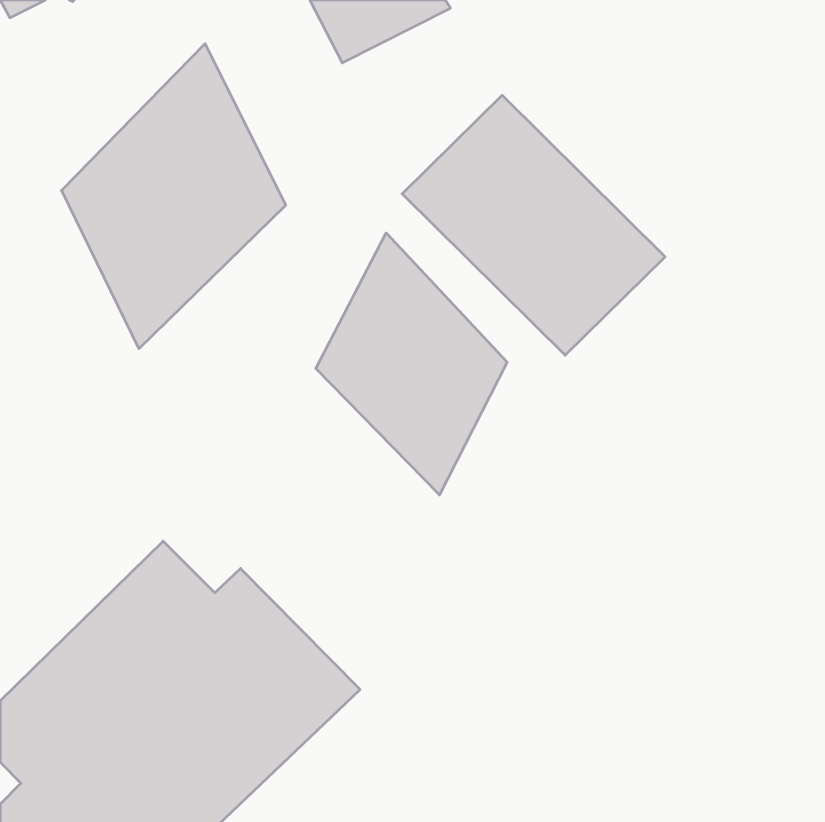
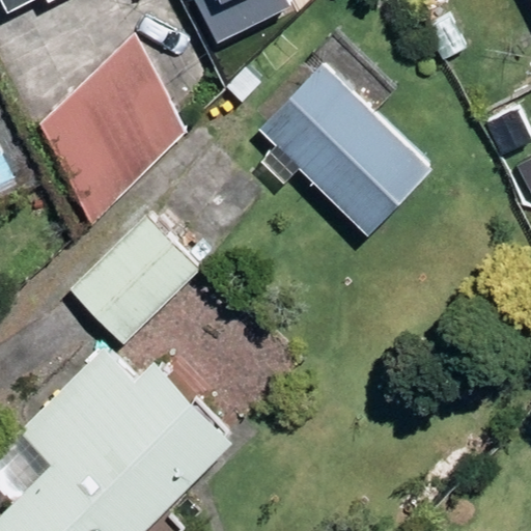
building: [316,233,507,495] -> none
building: none -> [74,214,205,344]

